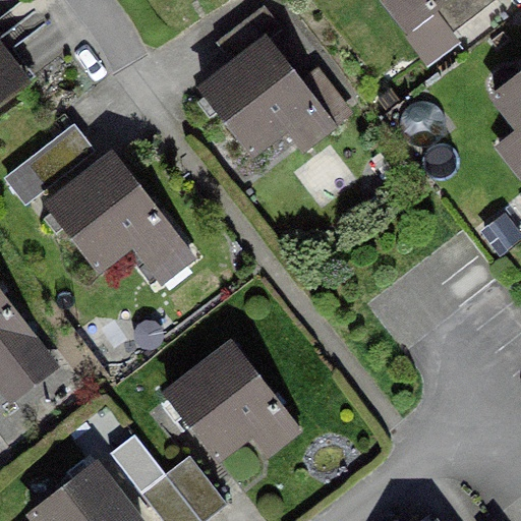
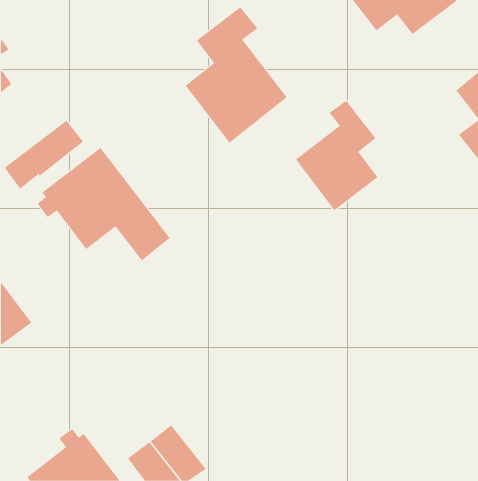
building: none -> [295,100,378,211]
building: [169,348,280,459] -> none

